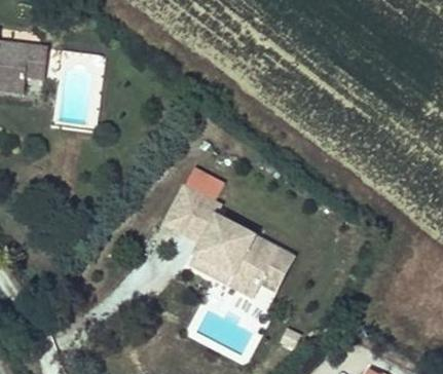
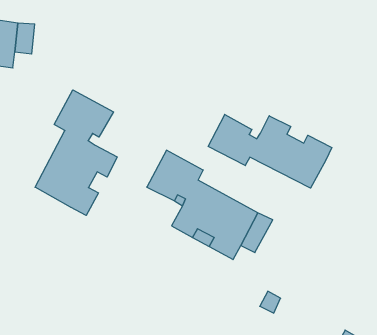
building: none -> [35,90,117,215]
building: none -> [208,114,332,188]

